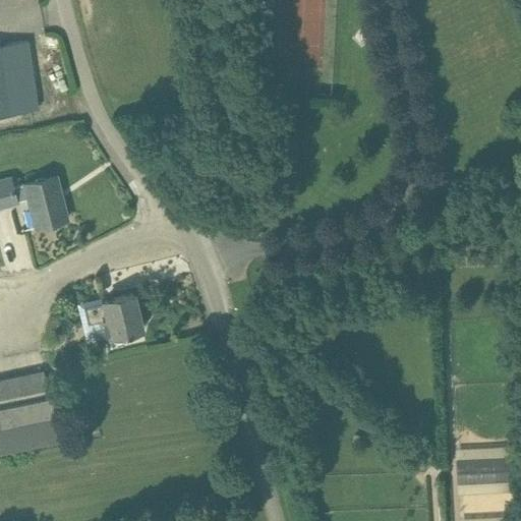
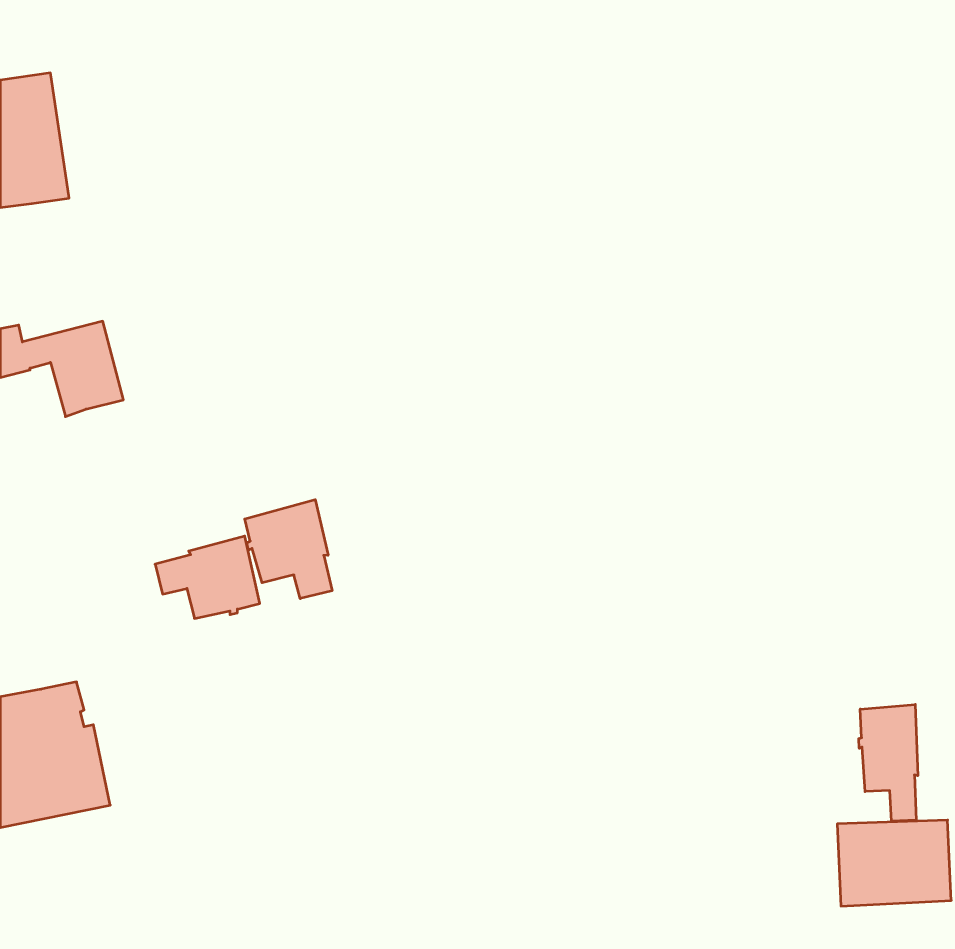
building: none -> [245,500,332,599]
building: none -> [859,704,918,821]

